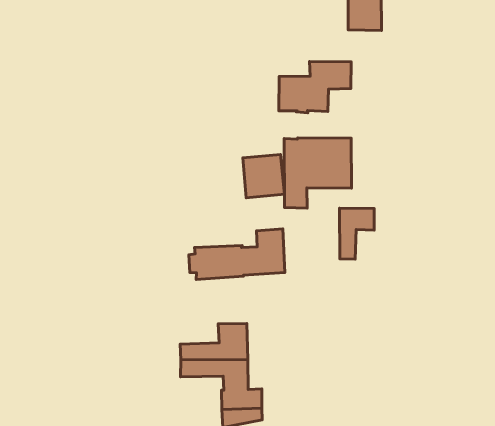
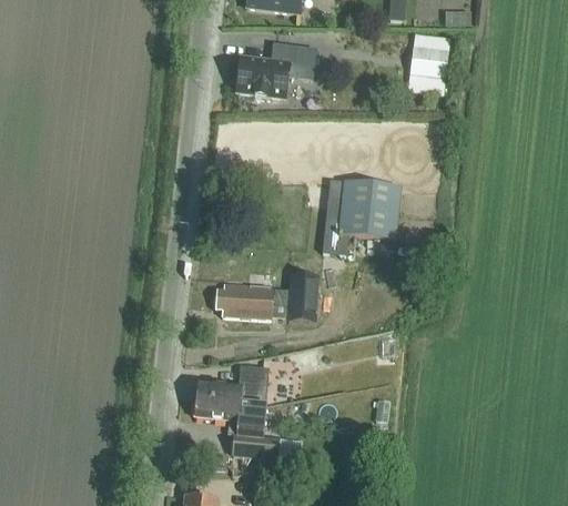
building: [279,61,351,113] -> [236,43,317,98]
building: [243,154,285,198] -> none
building: [340,208,374,259] -> none

